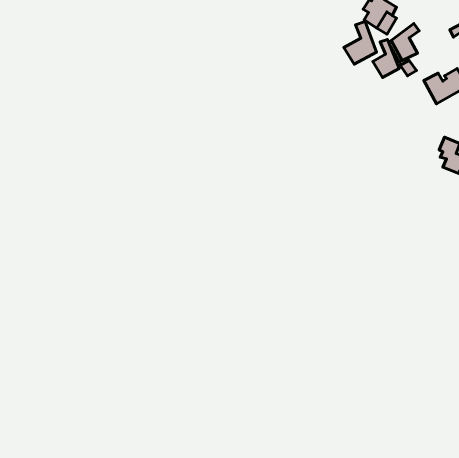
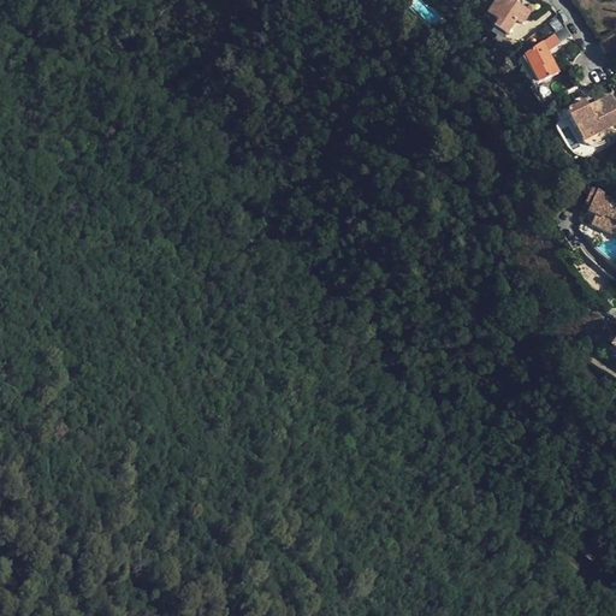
building: [344,21,376,64] -> none
building: [373,40,399,78] -> none

